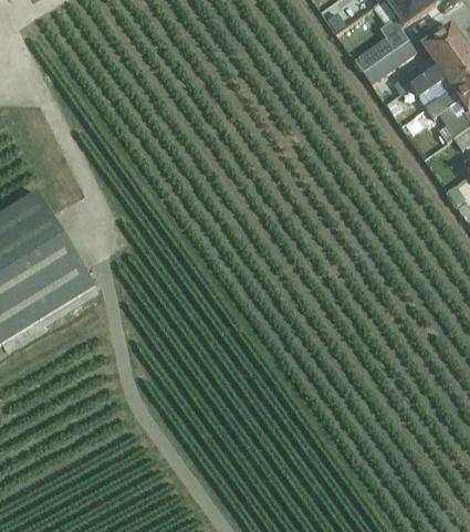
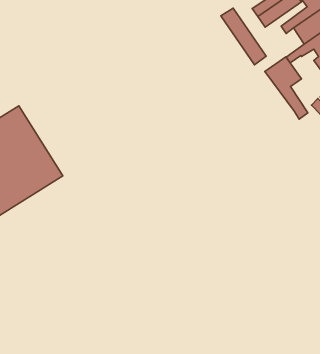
building: none -> [221,8,266,65]
building: none -> [265,57,308,119]

